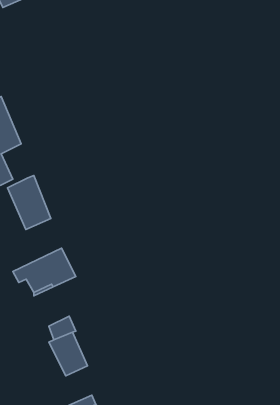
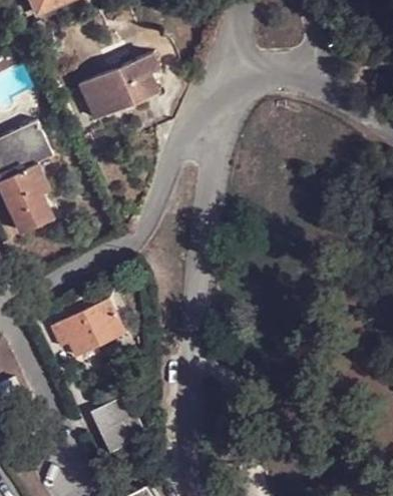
building: none -> [80,52,159,119]
building: [7,176,51,229] -> none

